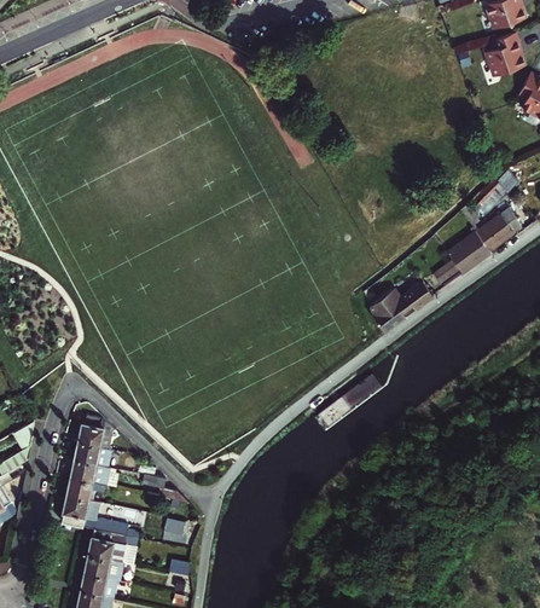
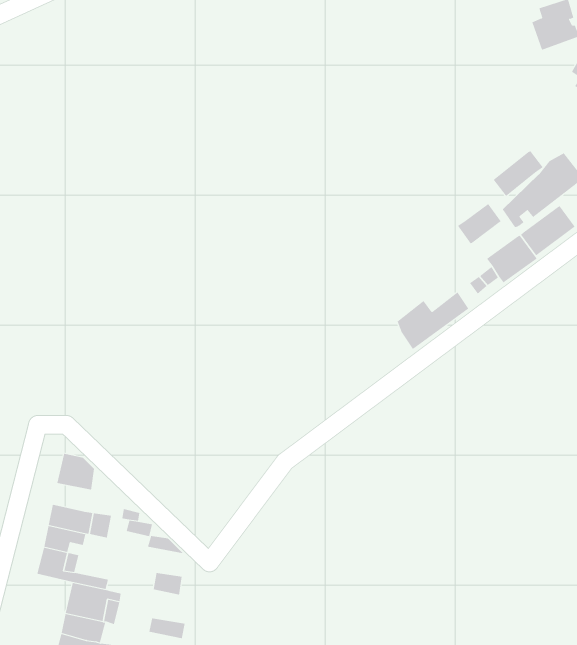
building: none -> [493,150,544,197]
building: none -> [457,203,502,244]
building: [76,444,112,468] -> none

